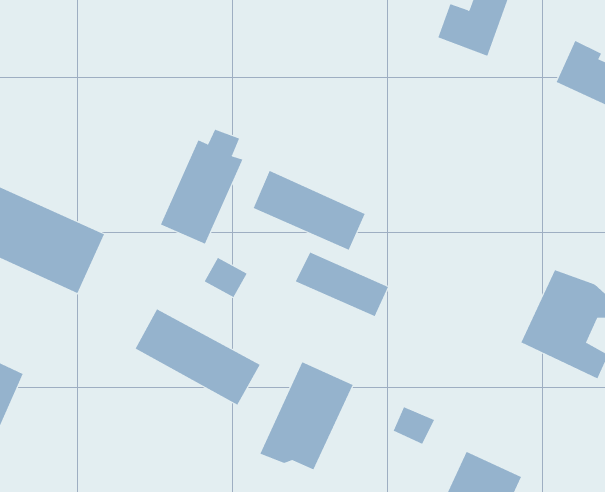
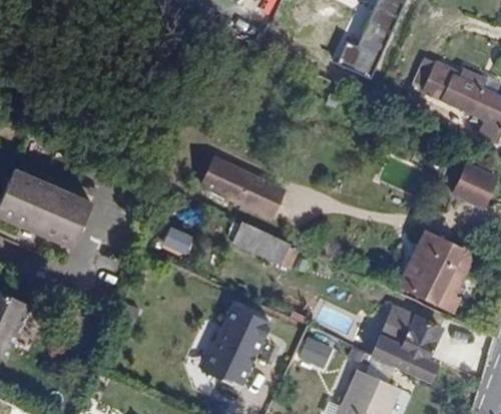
building: [160,129,243,245] -> none
building: [135,309,260,405] -> none
building: none -> [374,299,442,375]

